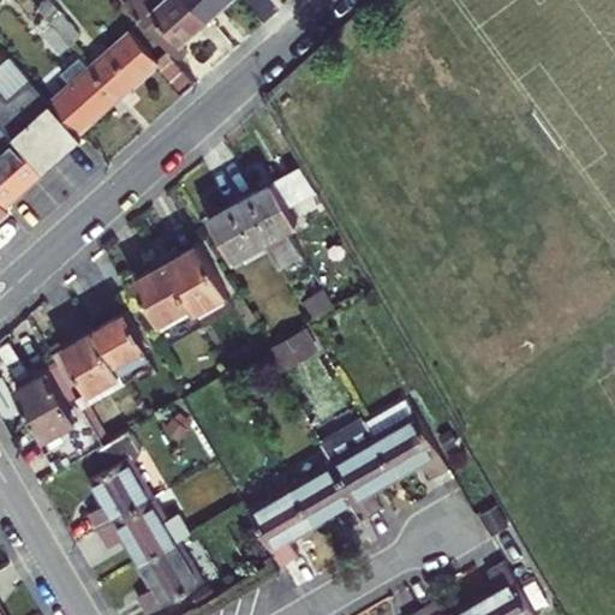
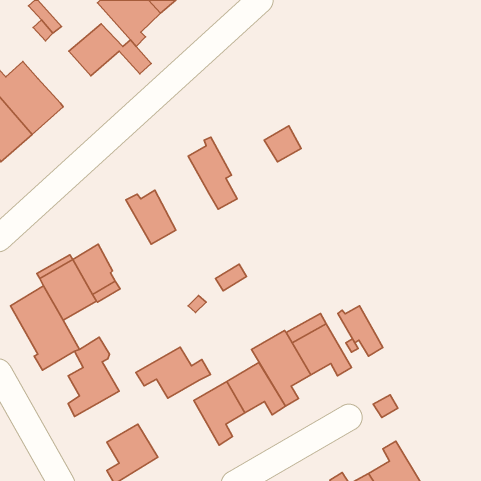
building: [48,59,115,135] -> none
building: [271,163,318,209] -> [264,126,301,162]
building: [203,202,265,262] -> none
building: [132,257,192,332] -> none
building: none -> [338,306,383,356]
building: [95,500,190,565] -> [136,347,210,398]

